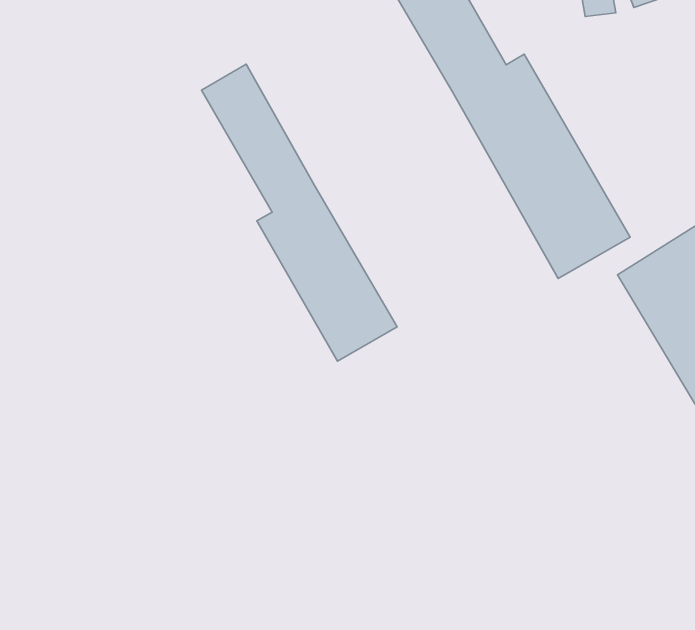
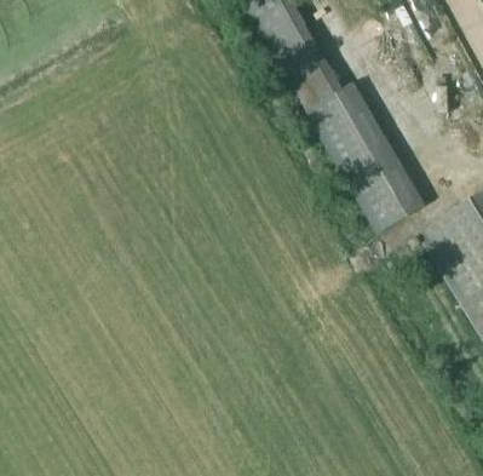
building: [202,64,397,361] -> none

